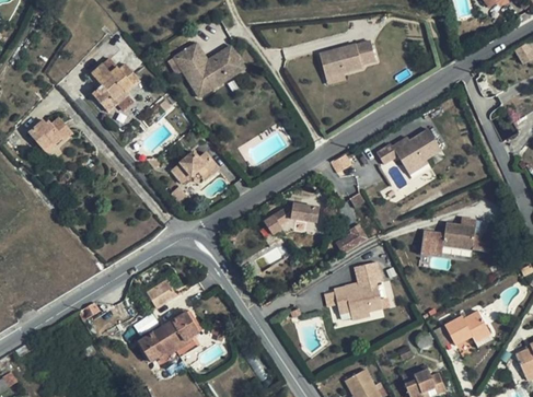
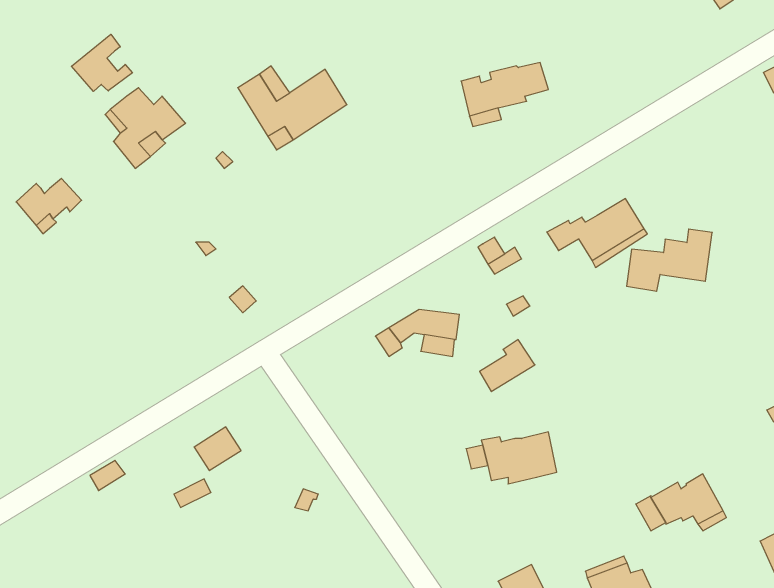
building: none -> [71,34,132,91]
building: [171,151,220,183] -> none
building: [420,215,476,256] -> [627,229,712,291]
building: [354,261,382,287] -> none
building: [136,308,199,362] -> none

